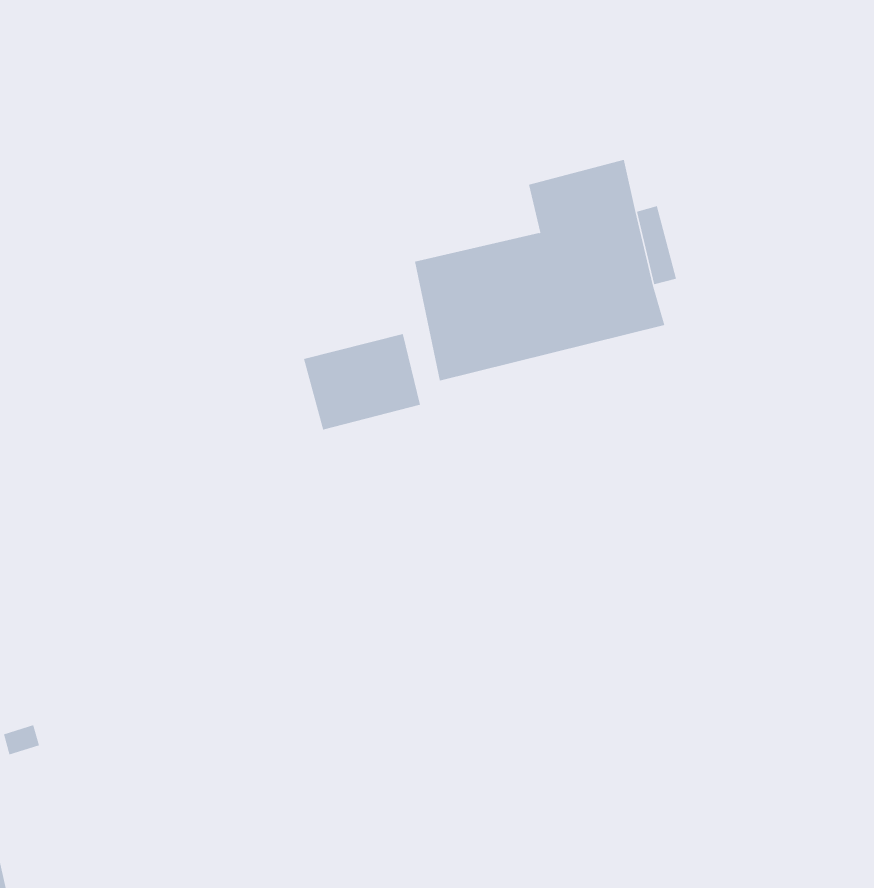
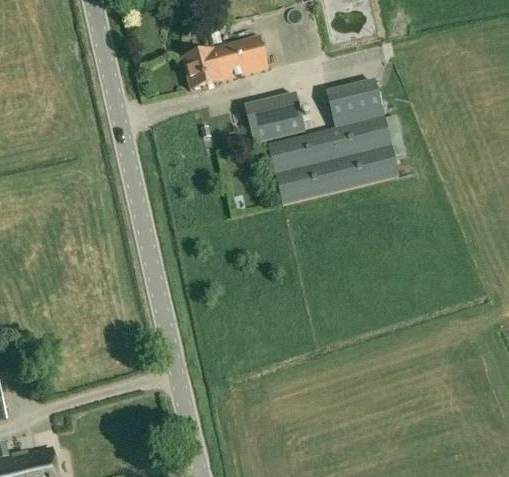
building: none -> [180,36,265,89]
building: [303,334,421,430] -> [242,92,303,142]

